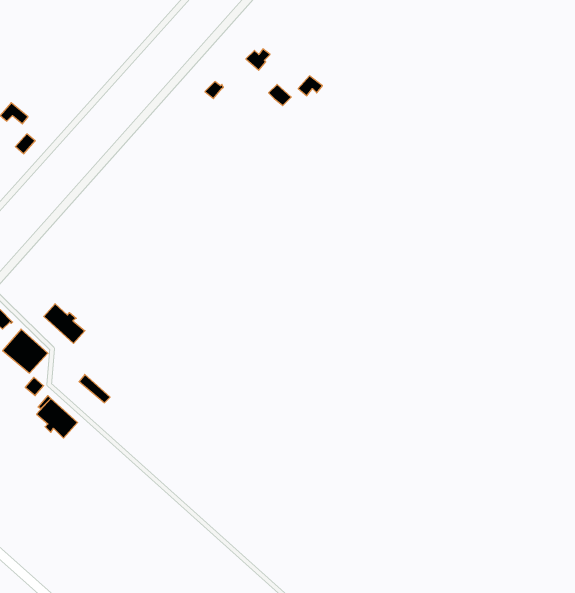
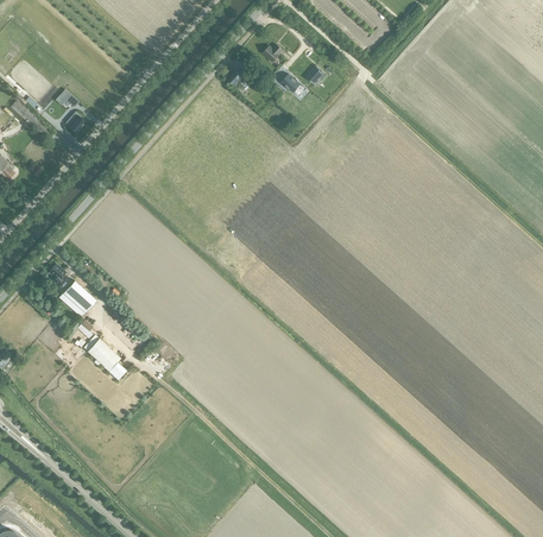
building: [44,304,85,343] -> none

